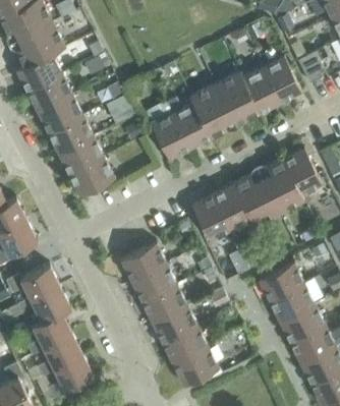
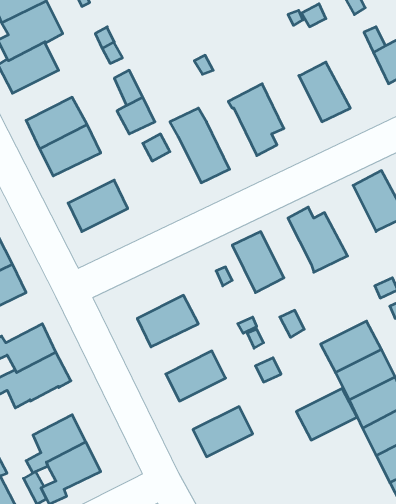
building: [262,55,301,102] -> none
building: [214,71,259,120] -> none
building: [26,73,71,111] -> none
building: [172,102,210,148] -> none
building: [57,135,103,173] -> none
building: [261,160,303,213] -> none
building: [213,184,250,229] -> none
building: [130,264,176,301] -> none
building: [152,304,196,343] -> none
building: [26,310,71,355] -> none
building: [172,346,218,385] -> [296,389,357,440]

